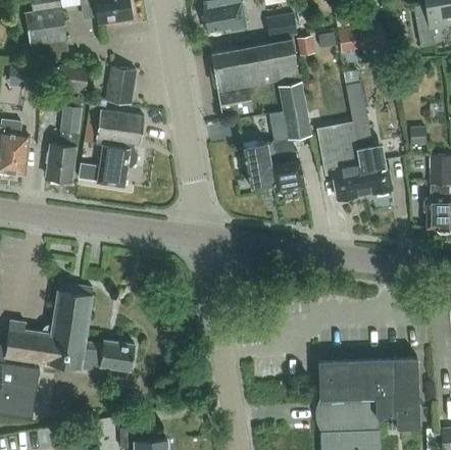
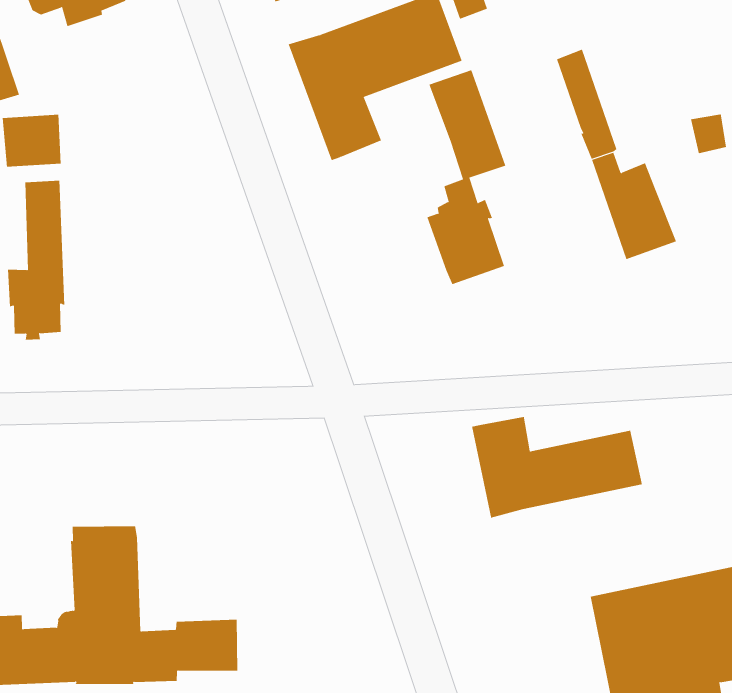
building: [106,67,135,104] -> none
building: [84,107,144,187] -> none
building: [243,117,288,187] -> none
building: [322,124,364,198] -> none
building: none -> [471,416,642,519]

